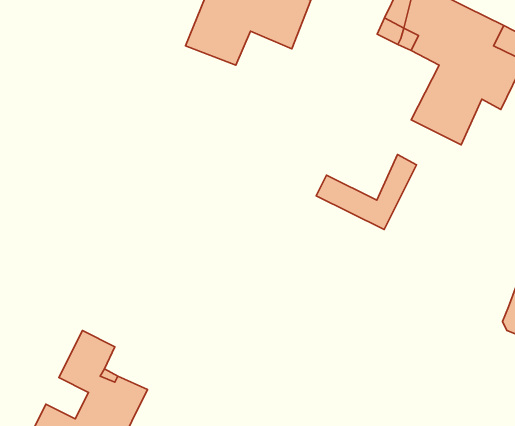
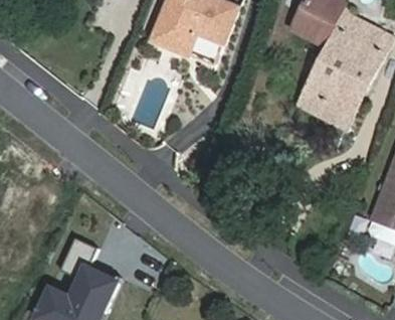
building: [316,154,416,230] -> [301,75,369,127]

